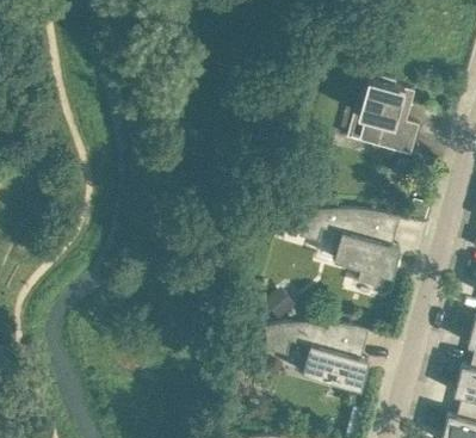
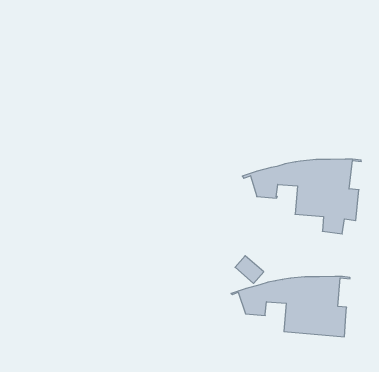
building: [357,78,419,156] -> none

